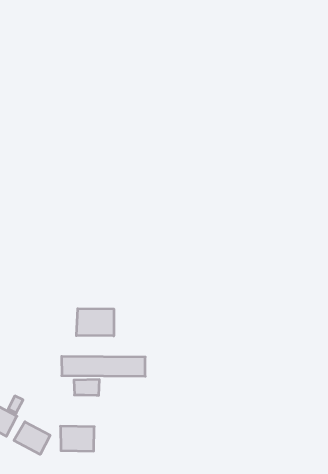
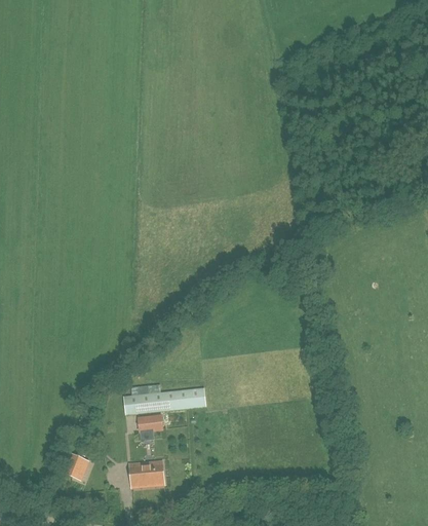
building: [76,309,114,336] -> none
building: [14,422,50,454] -> none

